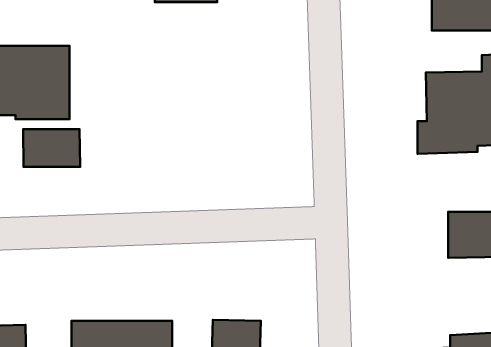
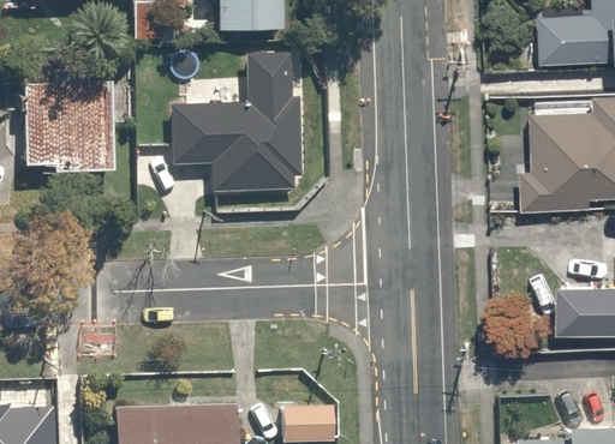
building: none -> [172,52,303,204]
building: [23,129,80,167] -> none

